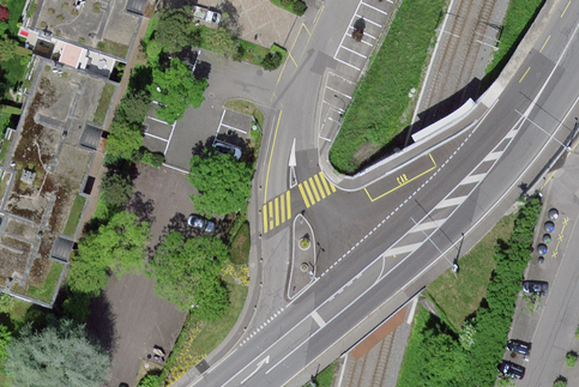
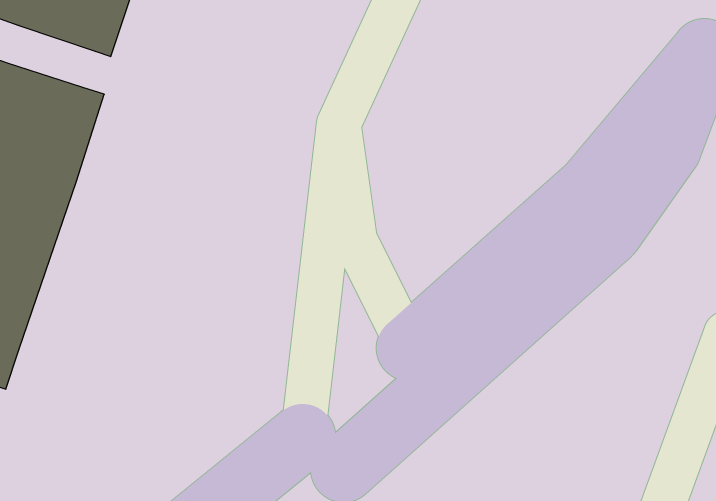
building: [52,35,116,80] -> none

